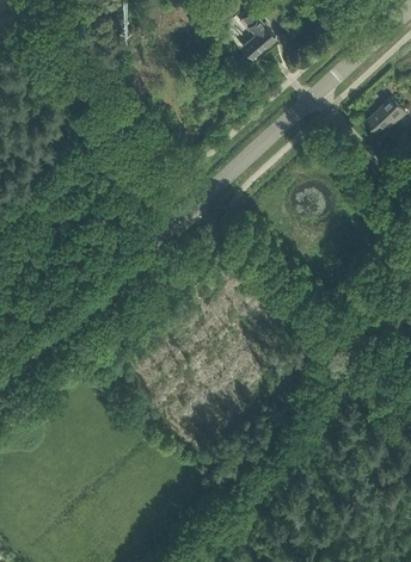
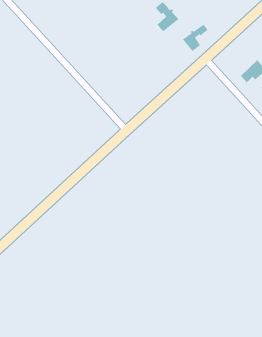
building: none -> [182,24,209,52]

